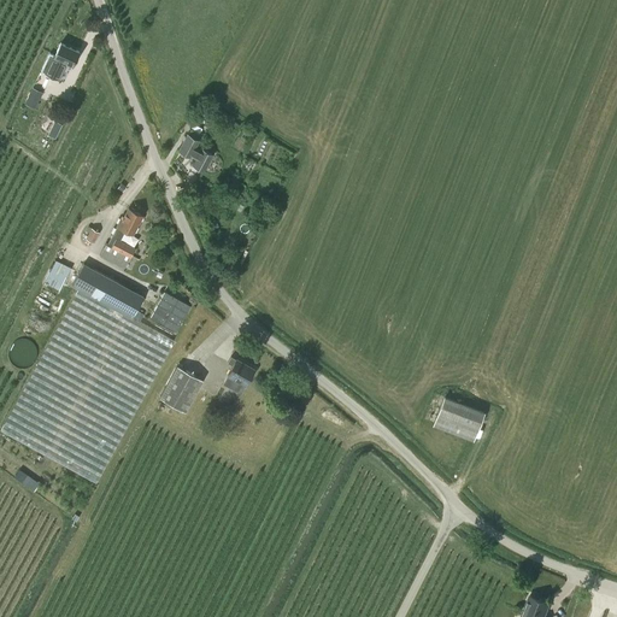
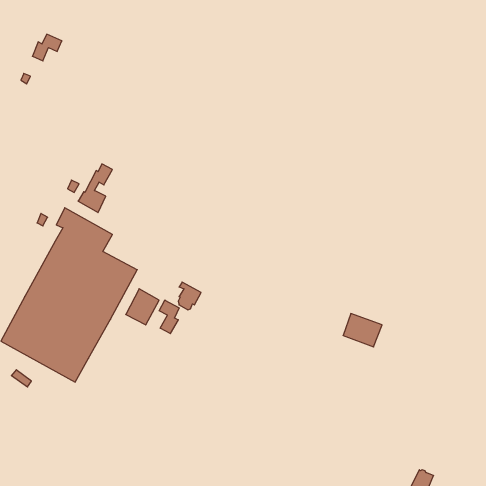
building: [180,131,213,174] -> none
building: [151,293,190,333] -> none
building: none -> [159,300,179,334]

